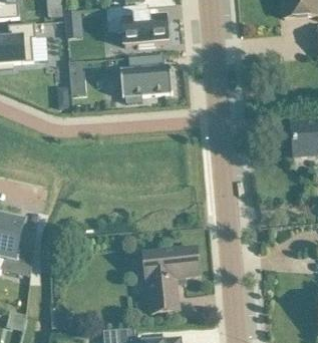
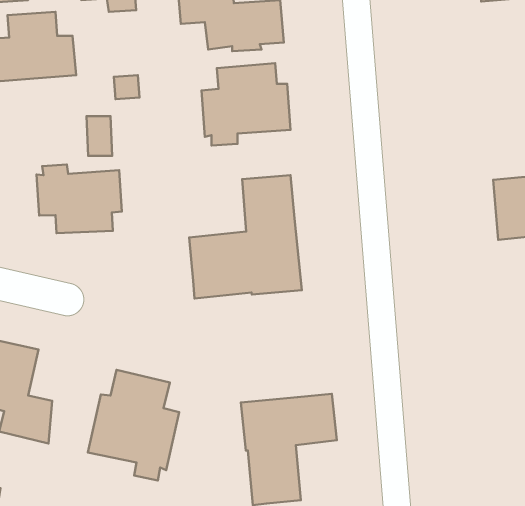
building: none -> [37,165,122,233]
building: none -> [189,175,302,298]
building: none -> [88,370,179,480]

